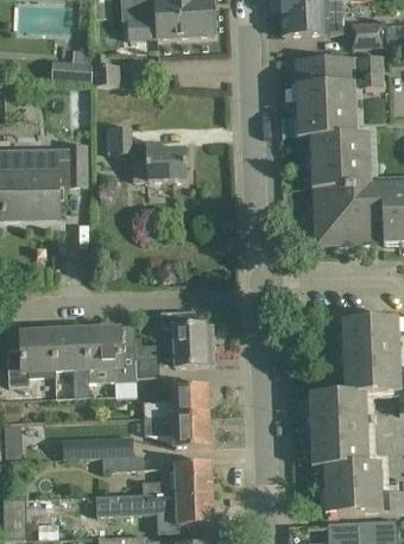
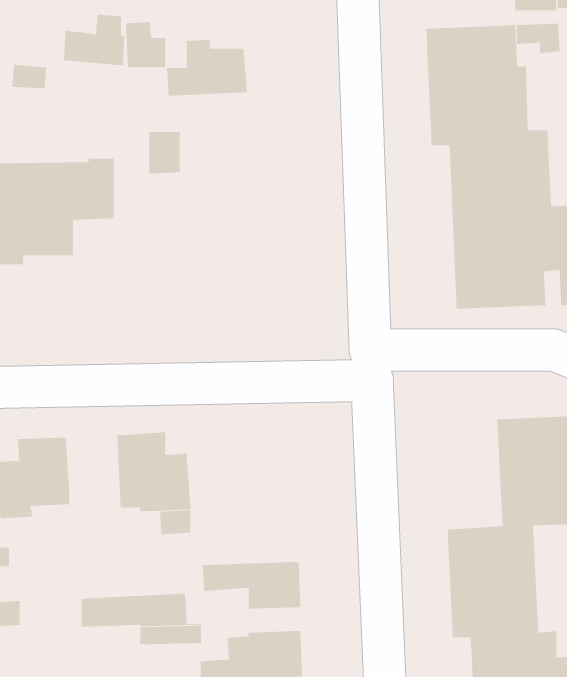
building: [133,143,188,181] -> [166,39,248,96]
building: [162,311,212,366] -> none
building: [53,330,89,397] -> none
building: [134,344,159,378] -> none
building: [143,384,209,417] -> none

